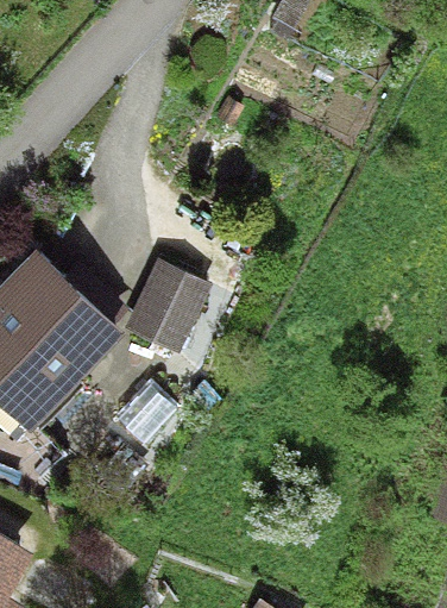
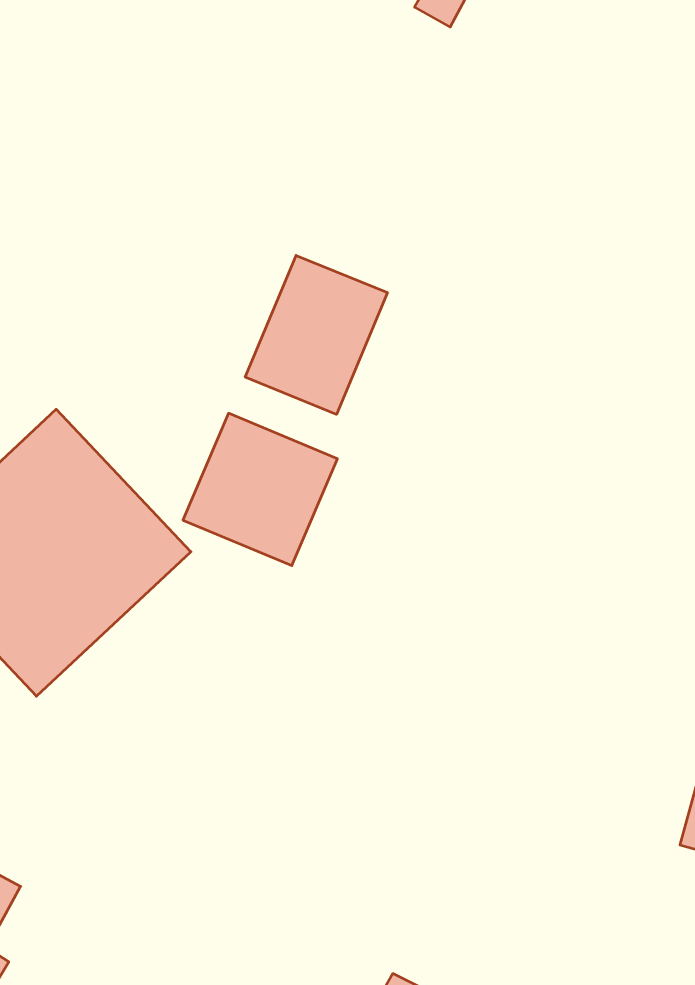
building: none -> [245,255,387,414]

